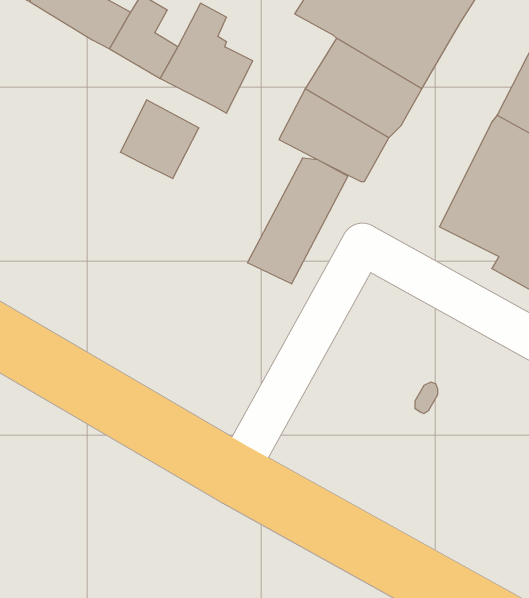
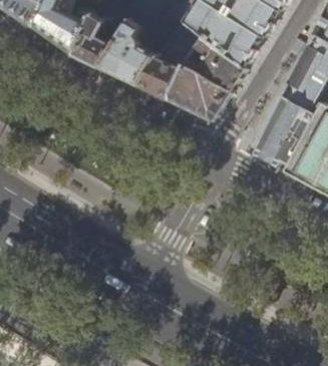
building: [120,100,199,178] -> [134,52,180,97]
building: [248,158,348,284] -> none

